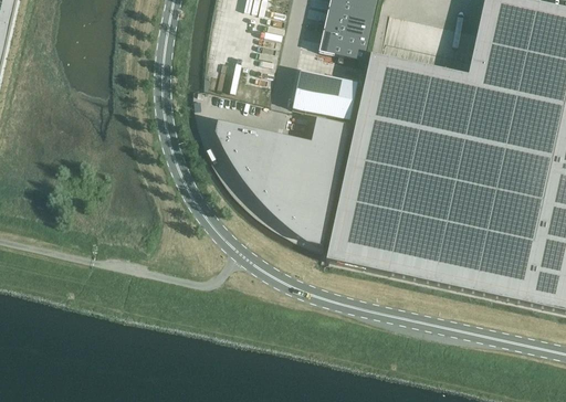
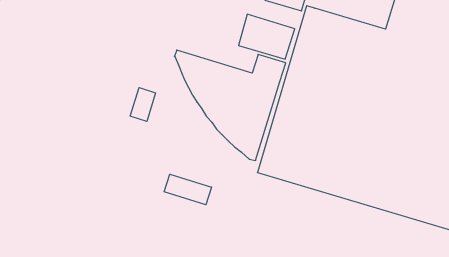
building: none -> [130,88,156,121]
building: none -> [164,174,212,205]

